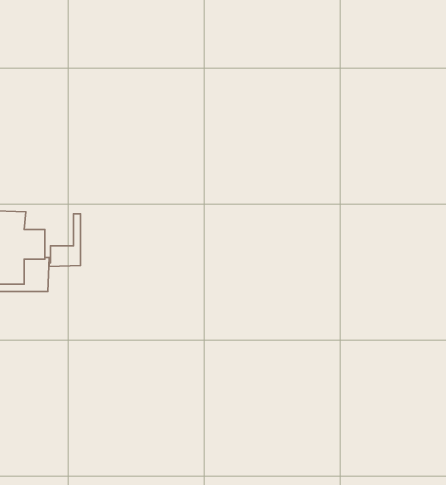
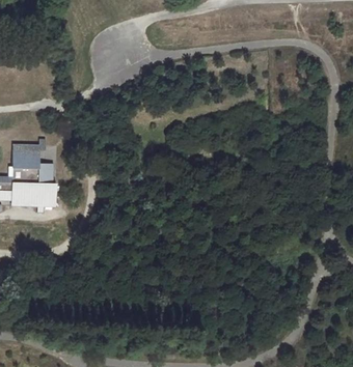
building: [49,214,80,267] -> none

